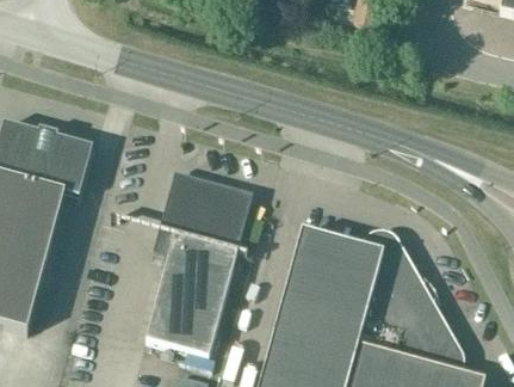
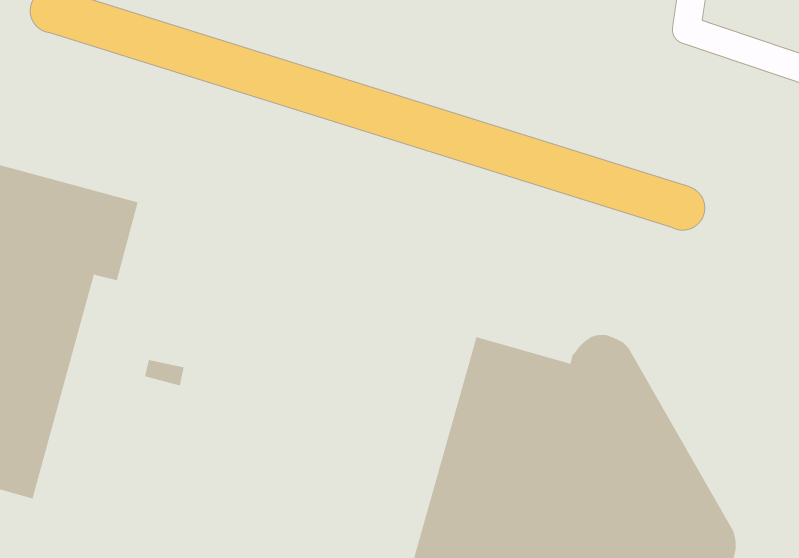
building: [144,172,252,356] -> none

